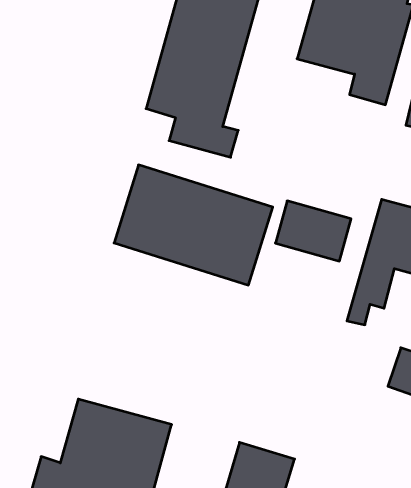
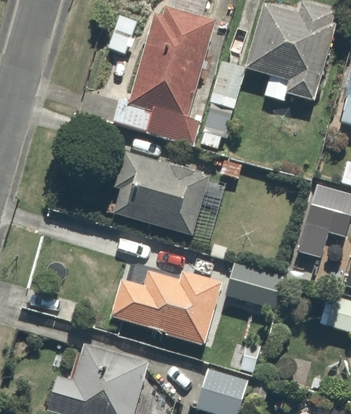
building: [275,201,351,261] -> [225,268,284,315]
building: none -> [108,268,226,347]

